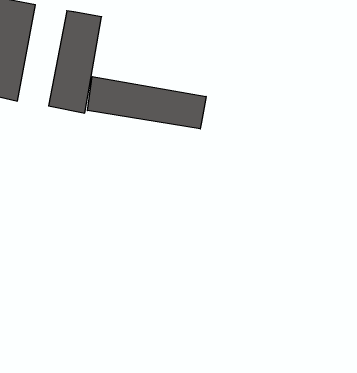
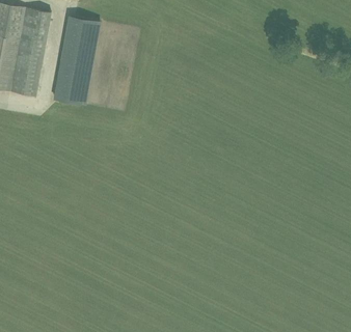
building: [87,77,206,129] -> none

